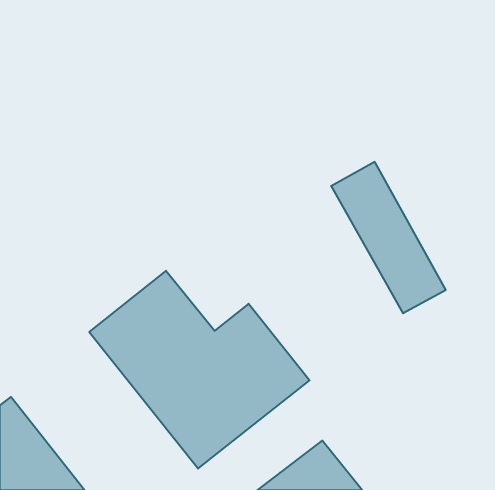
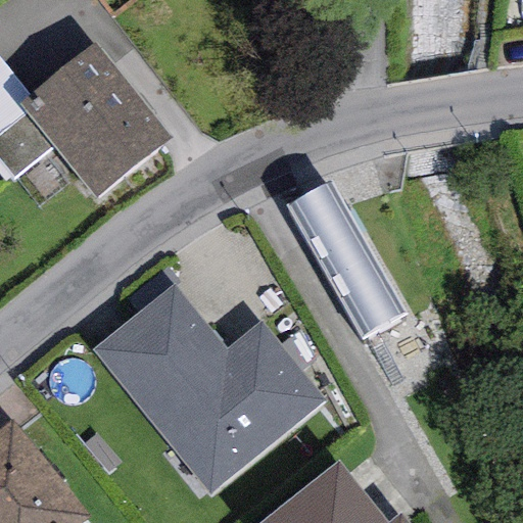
building: none -> [18,44,171,199]
building: [331,162,446,313] -> [287,182,408,341]

